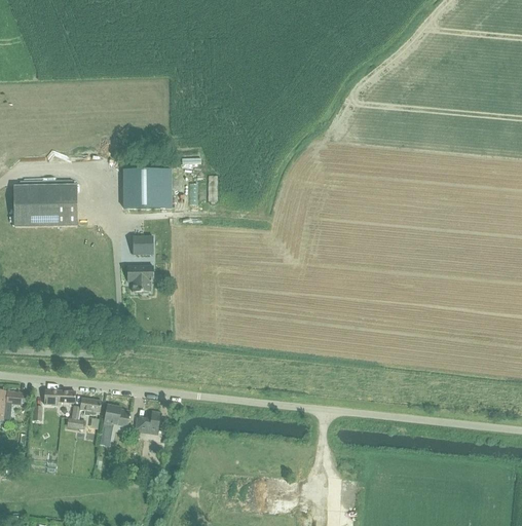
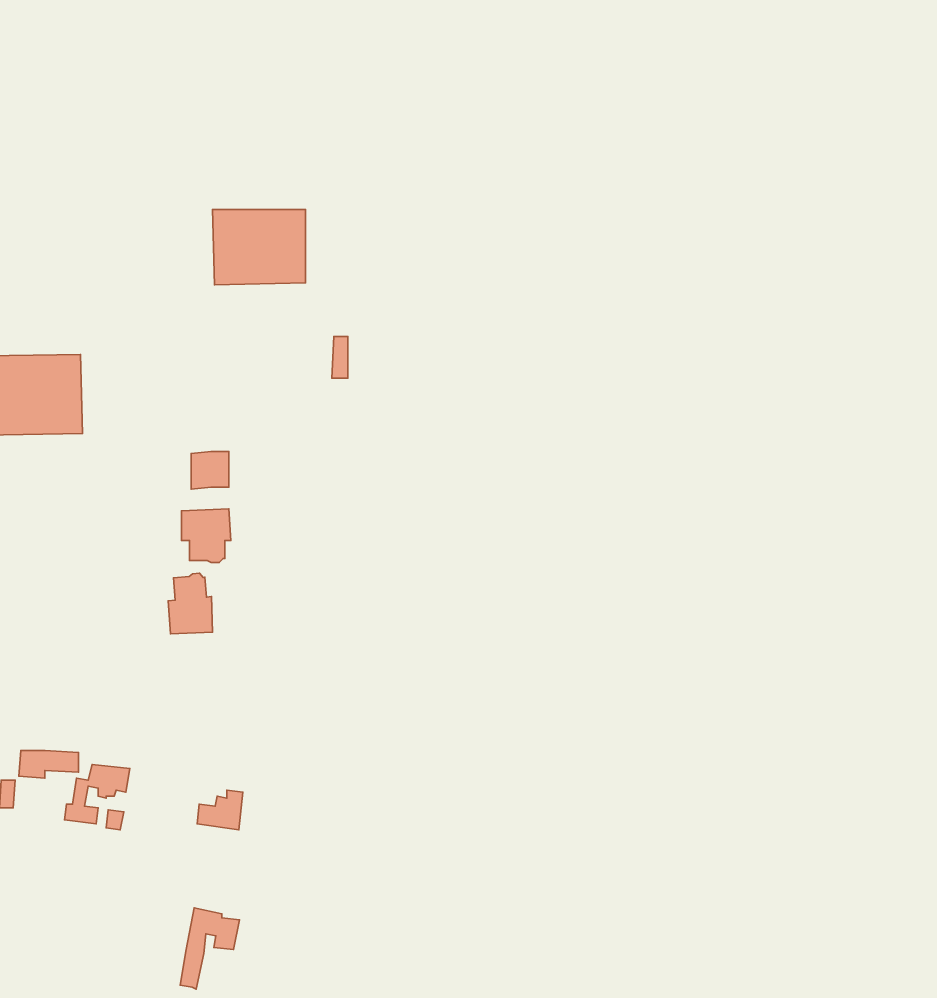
building: [122,168,171,208] -> [212,210,305,285]
building: none -> [168,573,213,634]
building: [99,403,129,445] -> [180,908,240,989]

